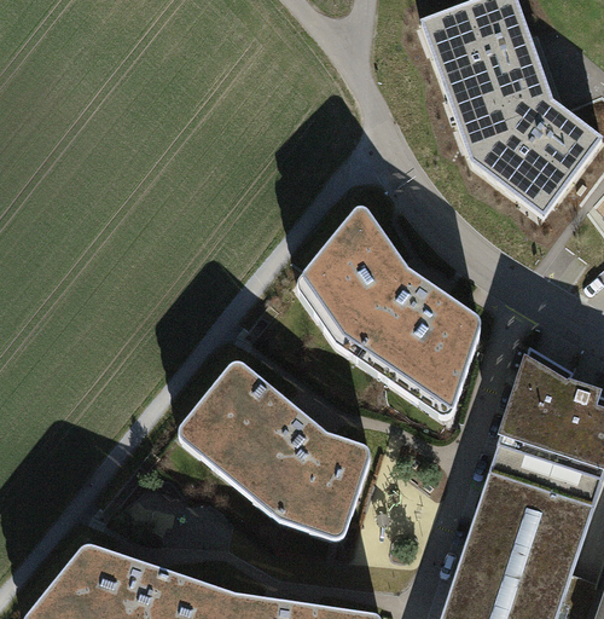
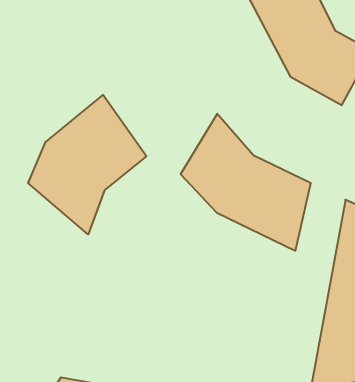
building: none -> [28,95,146,234]
building: [186,366,371,536] -> none

